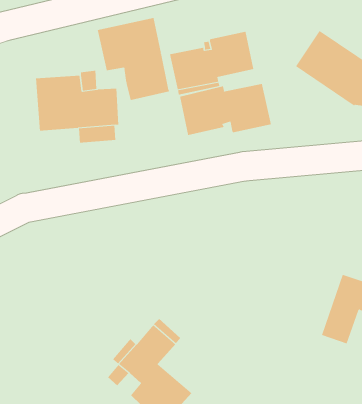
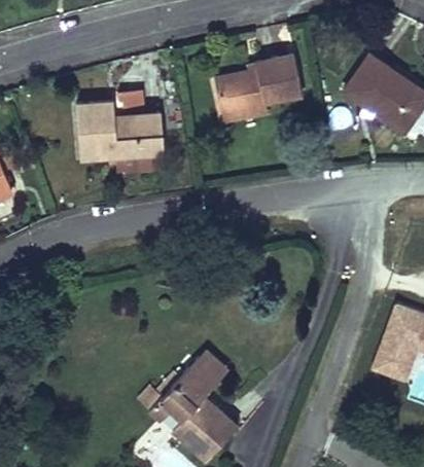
building: [97,17,170,101] -> none
building: [180,83,271,136] -> none

